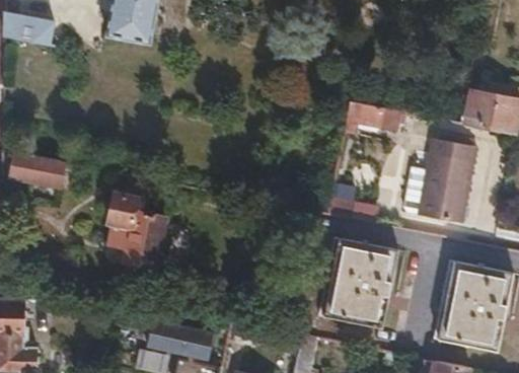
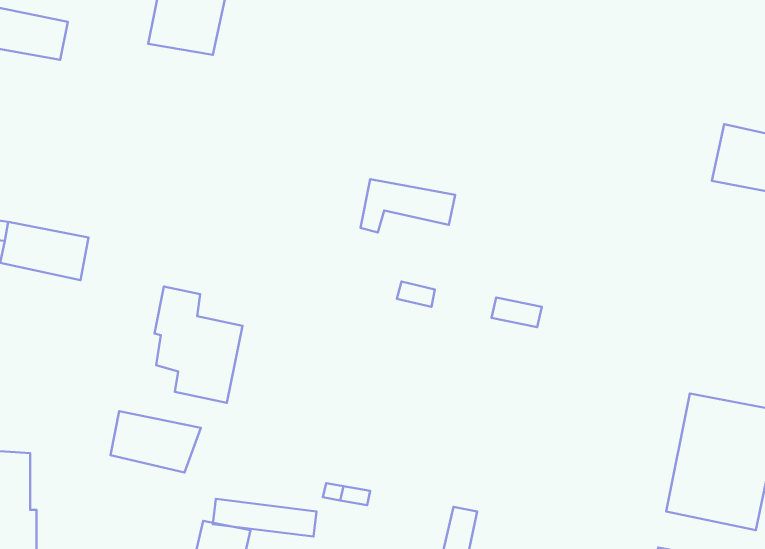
building: [344,103,404,138] -> [361,179,455,233]
building: [420,138,478,224] -> none
building: [324,238,397,326] -> none
building: none -> [110,411,201,473]

